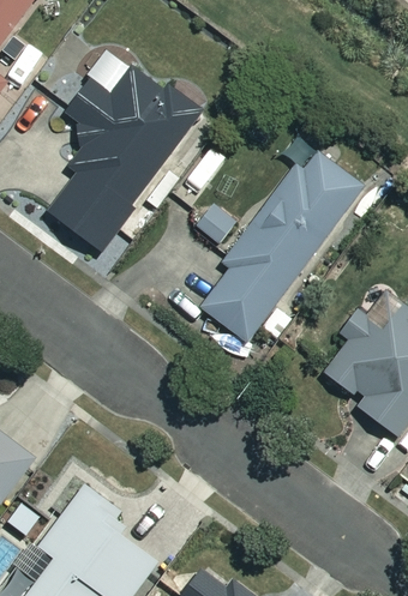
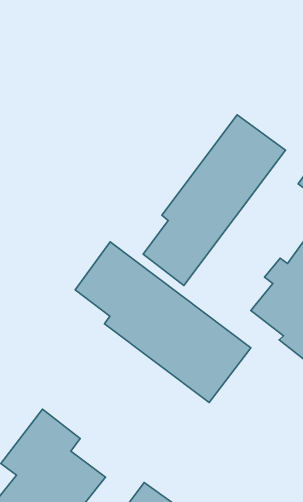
building: [48,53,196,247] -> none
building: none -> [75,242,251,403]

